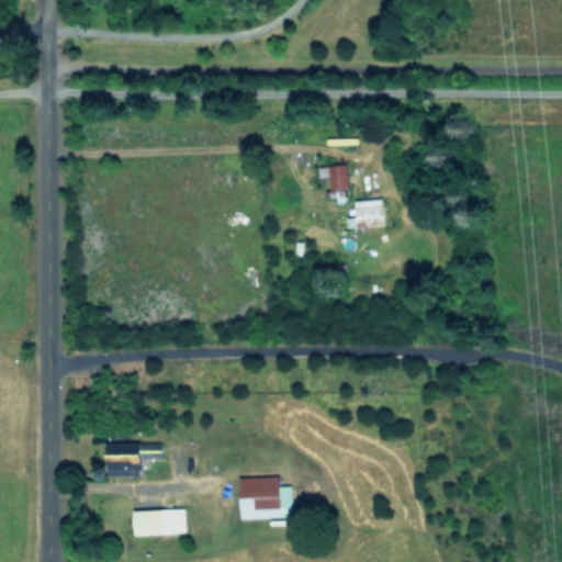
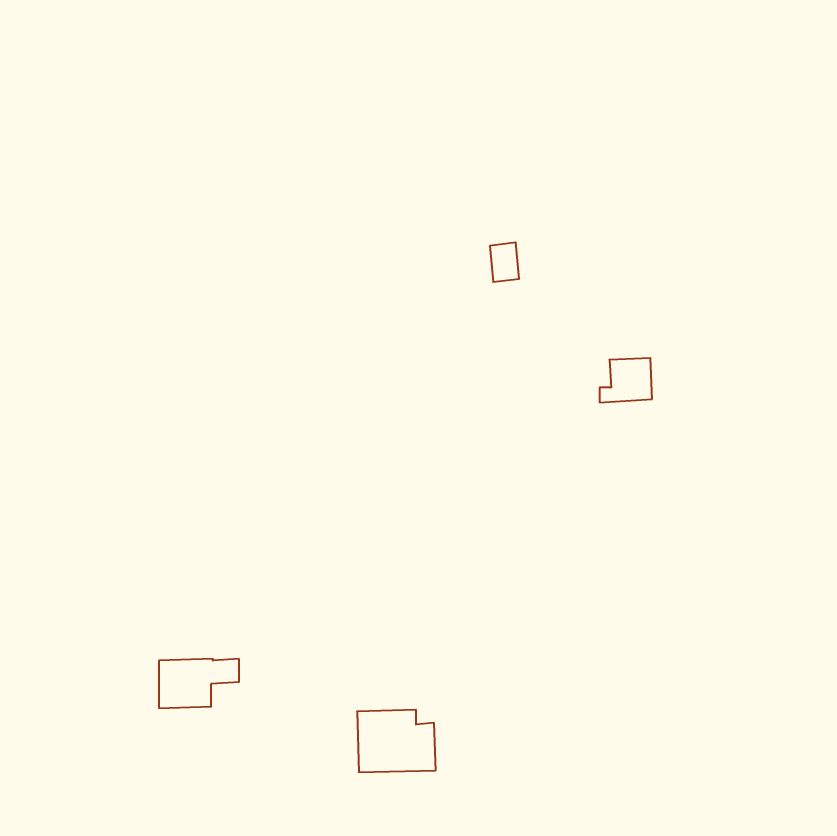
building: [348,199,383,228] -> [600,358,652,402]
building: [133,508,186,536] -> none

